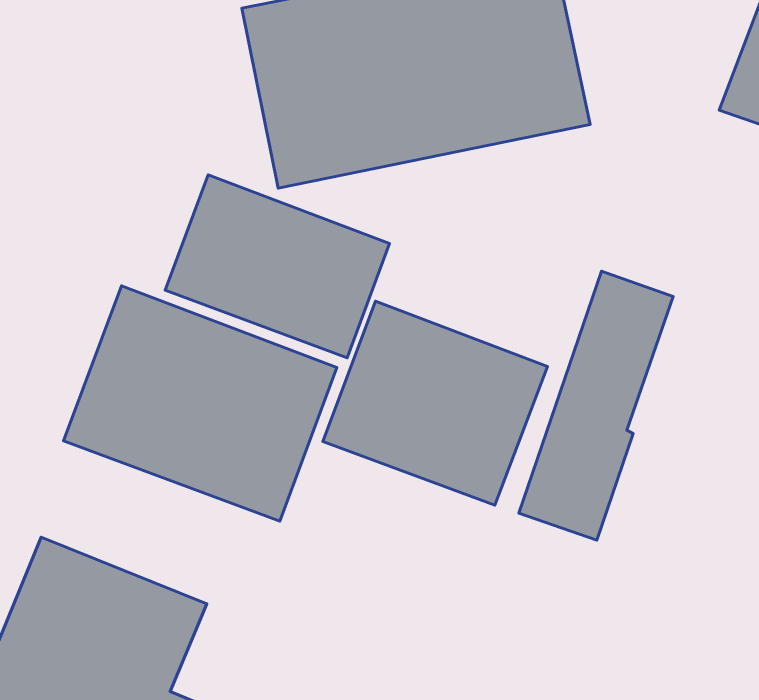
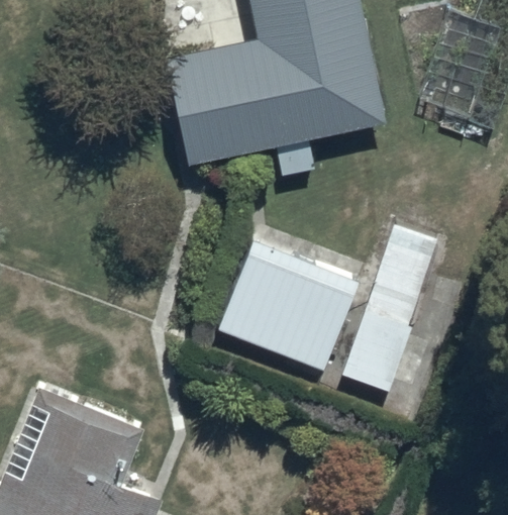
building: [165,175,390,358] -> none
building: [63,286,337,521] -> none

